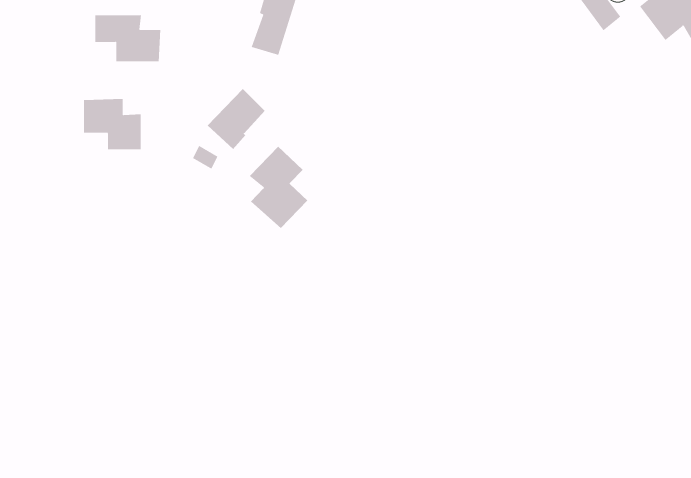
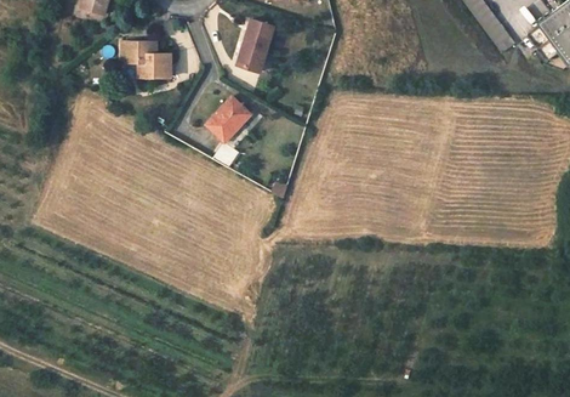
building: [83,98,141,150] -> none
building: [249,146,308,229] -> none

